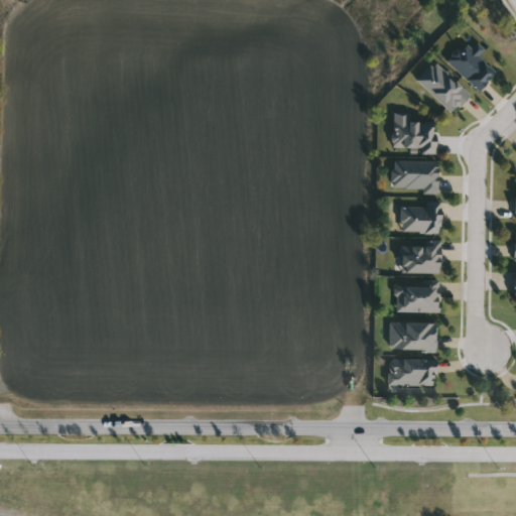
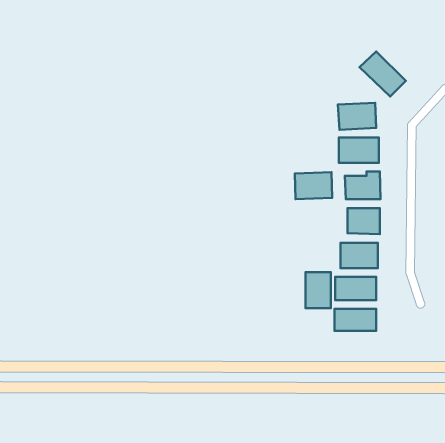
building: [445,40,495,91] -> none
building: none -> [295,172,332,199]
building: none -> [306,272,331,308]

